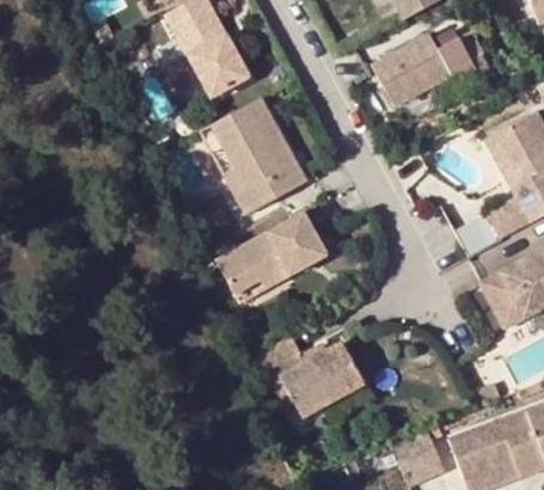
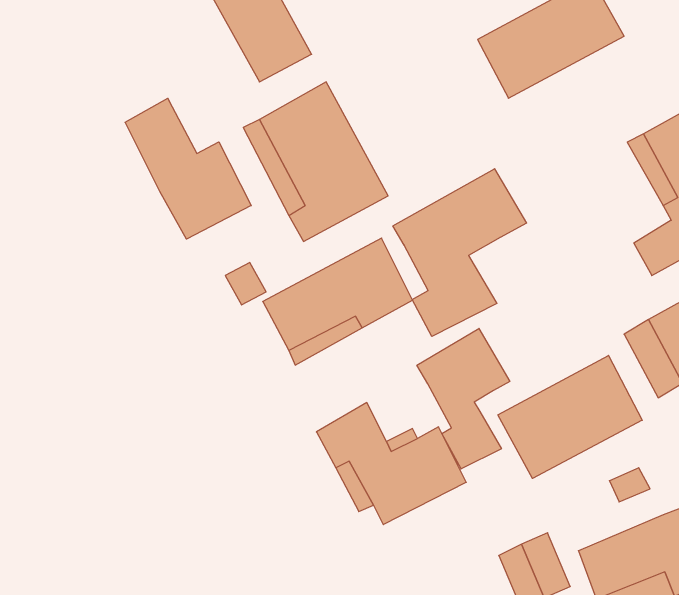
building: none -> [125,98,251,239]
building: none -> [393,169,527,336]
building: none -> [417,328,510,469]
building: none -> [498,355,642,478]

